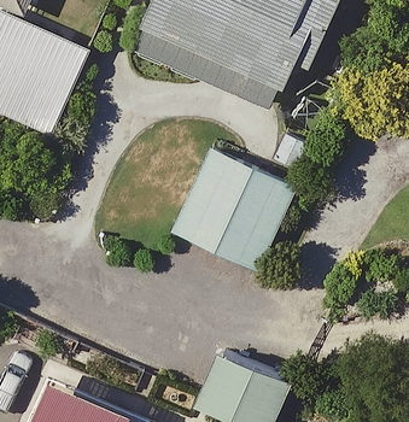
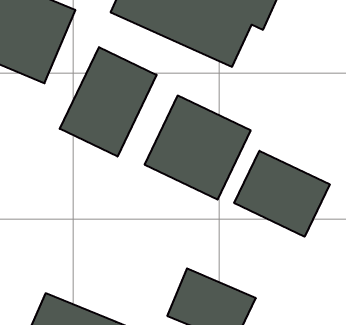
building: none -> [60,47,157,157]
building: none -> [234,151,330,237]

